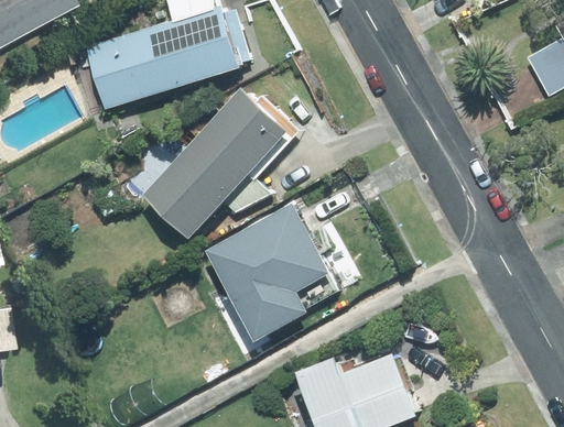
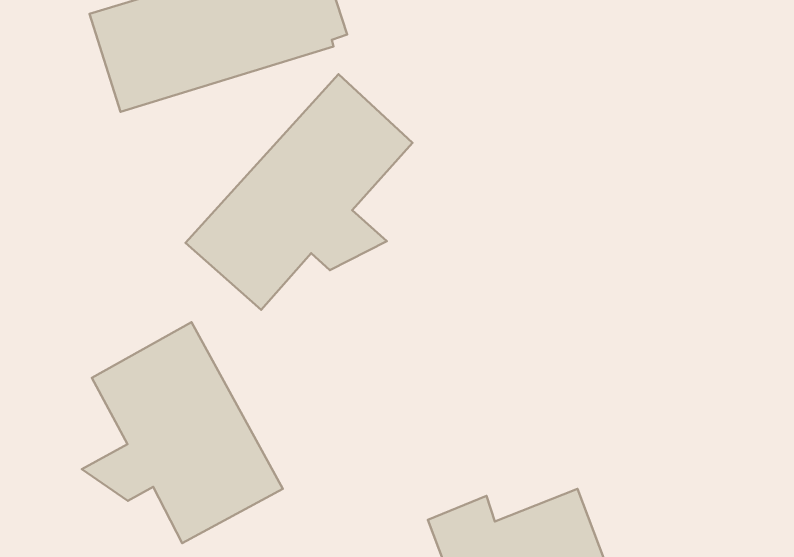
building: [206,204,337,341] -> none
building: none -> [82,322,283,543]

